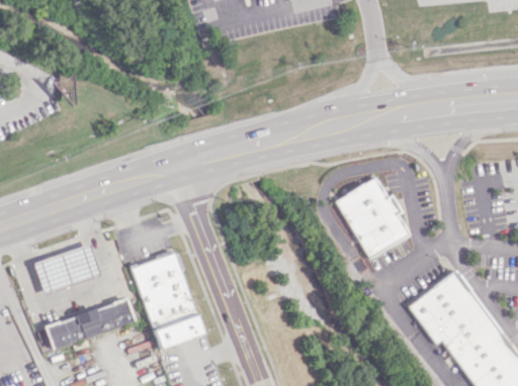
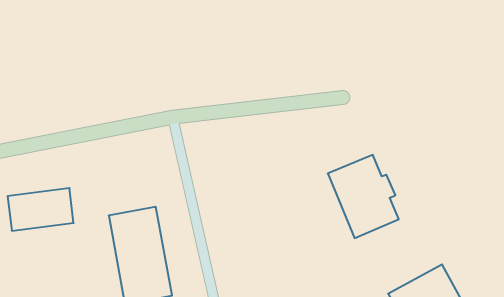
building: [45,299,135,348] -> none

